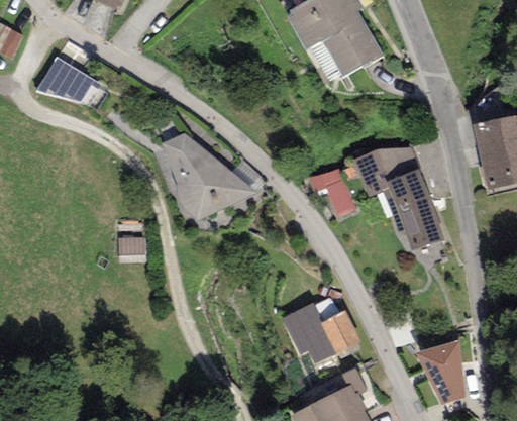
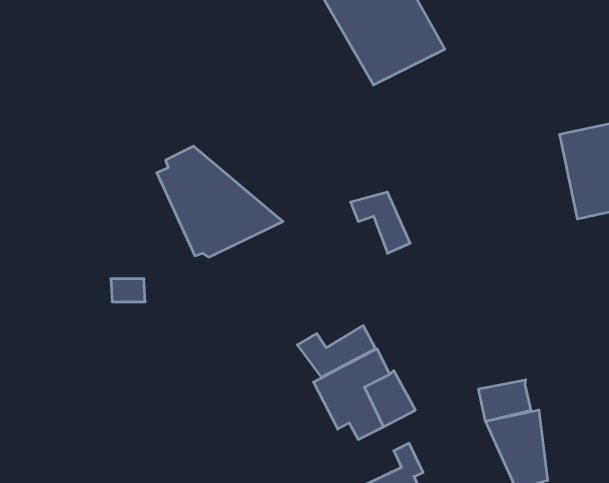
building: [36,58,95,104] -> none
building: [353,147,443,249] -> none
building: none -> [297,326,376,377]
building: none -> [479,380,531,422]

